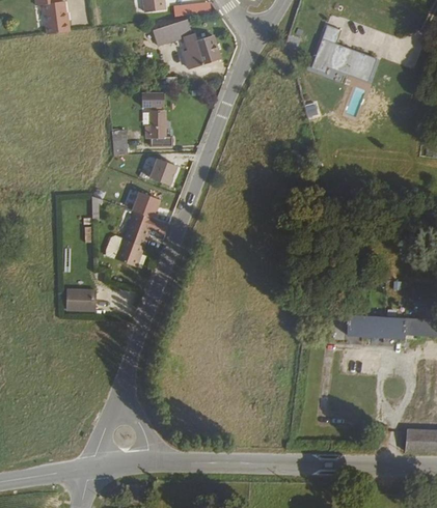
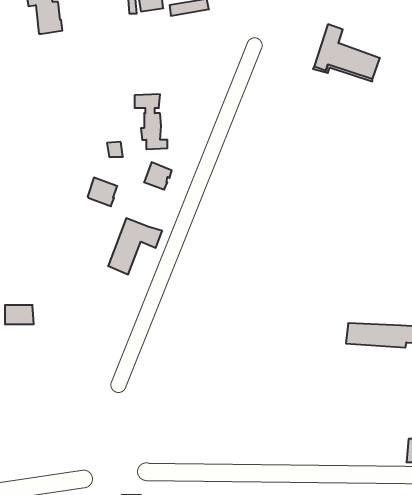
building: [155,21,220,69] -> none
building: [130,194,159,222] -> [88,178,117,206]
building: [64,290,92,309] -> [5,305,34,324]

